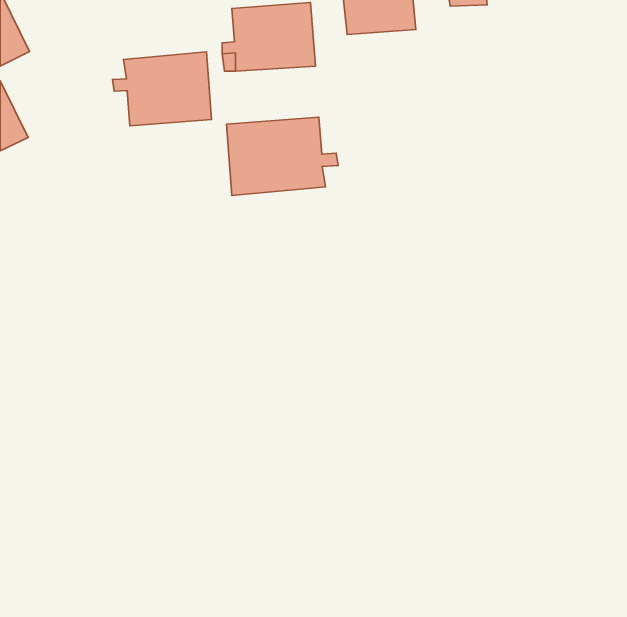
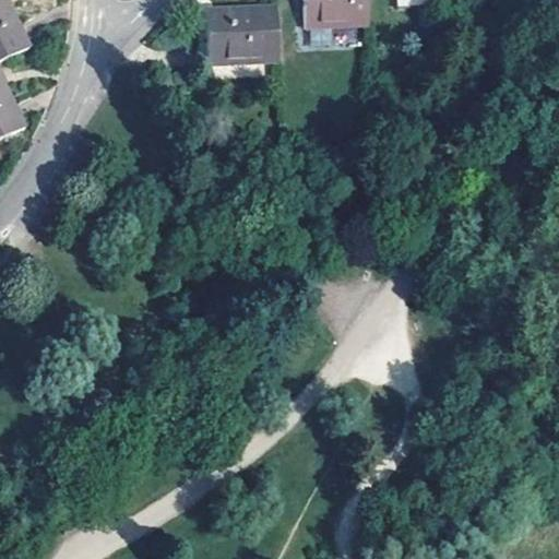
building: [112,52,212,126] -> none
building: [226,117,338,195] -> none

